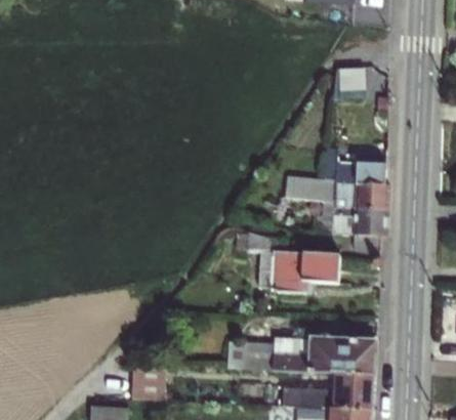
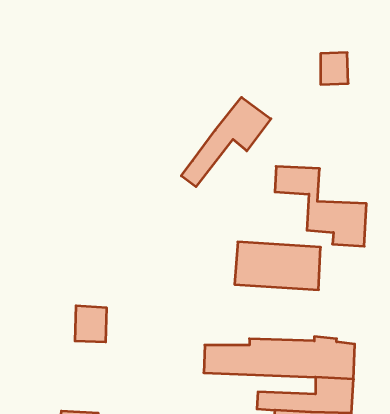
building: none -> [181,97,271,187]
building: [340,160,388,210] -> none
building: [132,368,163,403] -> [75,306,107,342]

